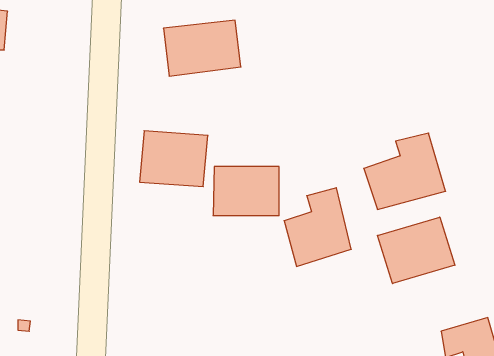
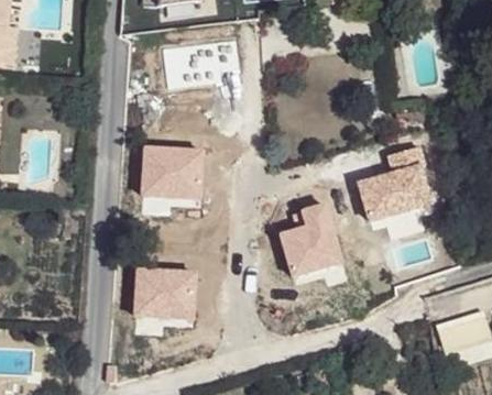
building: [213,167,279,216] -> [134,270,198,317]
building: [377,217,455,284] -> none

